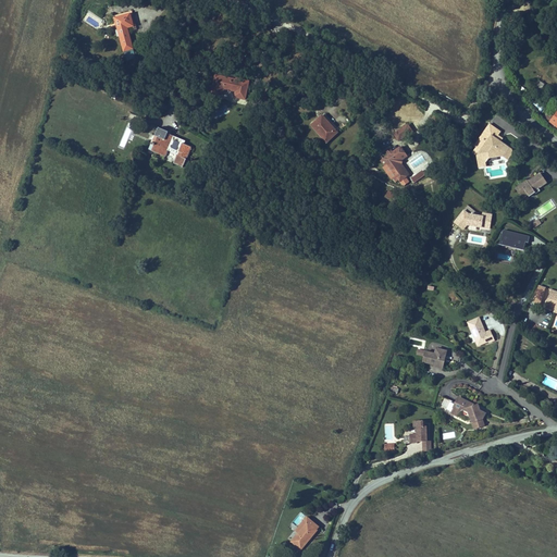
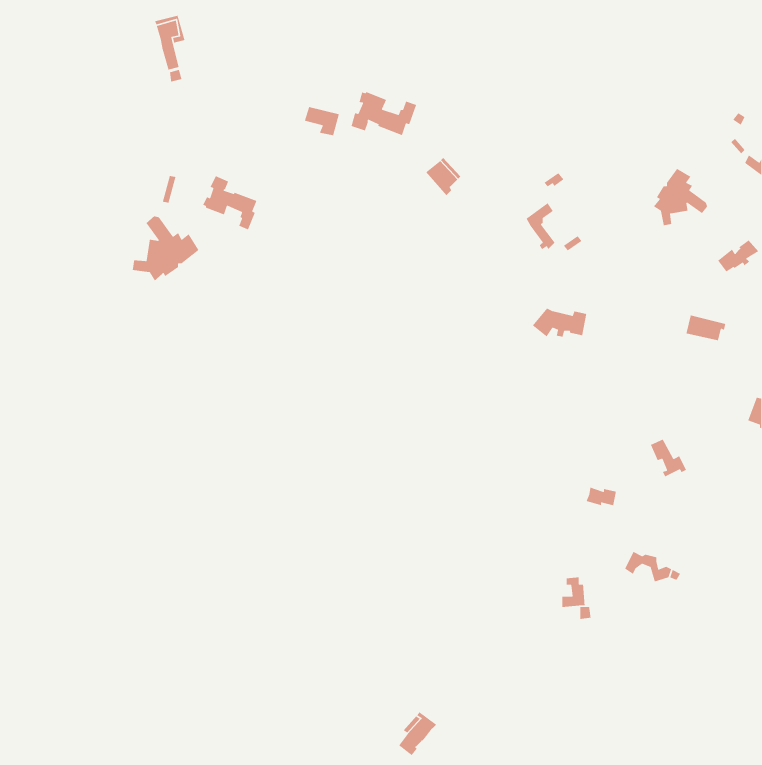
building: none -> [350,91,417,136]
building: none -> [132,215,199,282]
building: [450,208,491,230] -> [532,308,587,338]

